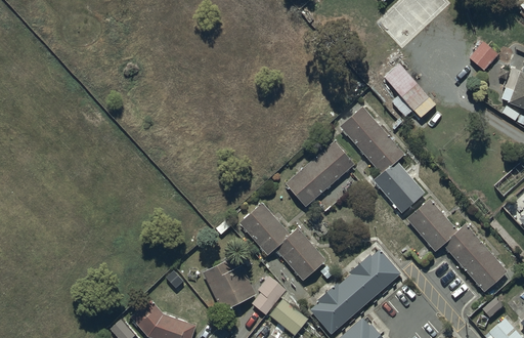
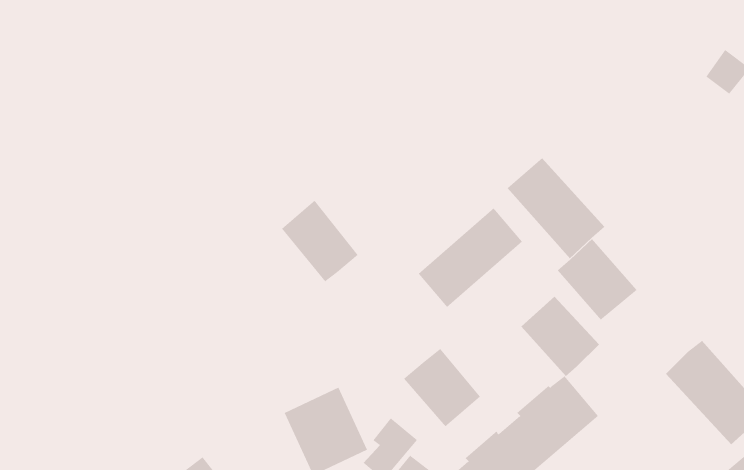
building: [384,64,436,118] -> none
building: [407,202,457,253] -> [521,296,600,377]
building: [242,204,291,256] -> [281,200,359,282]

